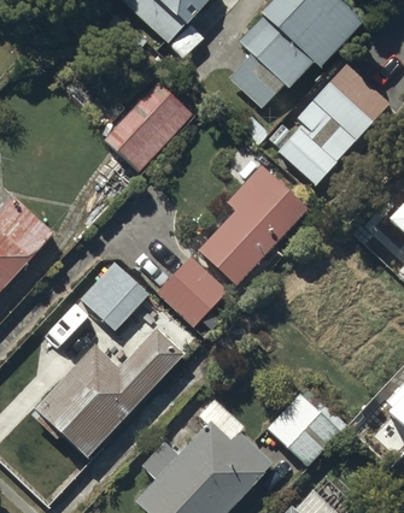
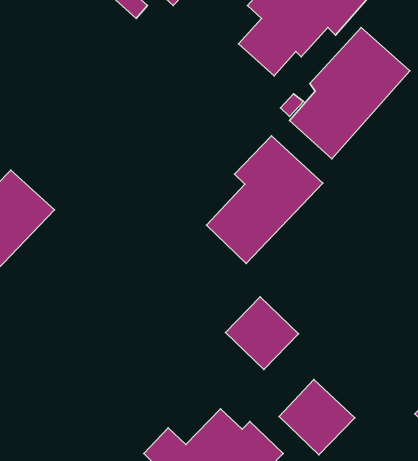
building: [104,82,194,172] -> none
building: [158,256,227,325] -> [226,297,298,370]
building: [81,264,148,330] -> none
building: [35,329,185,458] -> none

